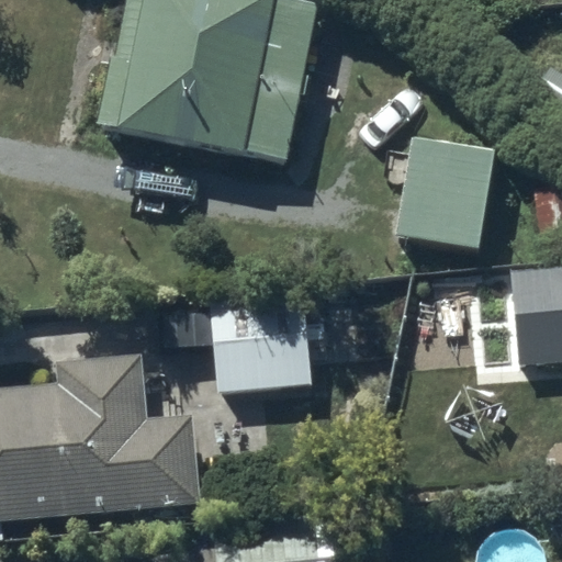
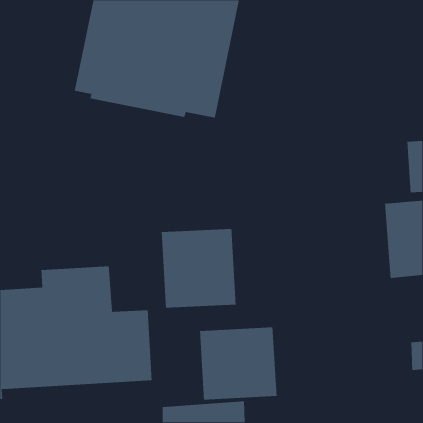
building: [396,147,497,271] -> none
building: none -> [199,326,278,401]

